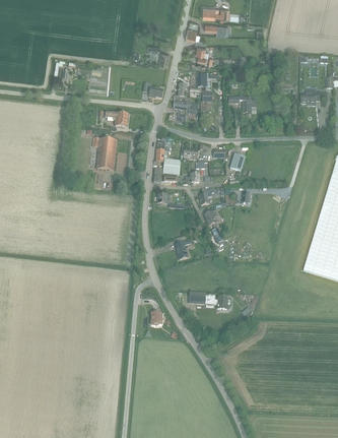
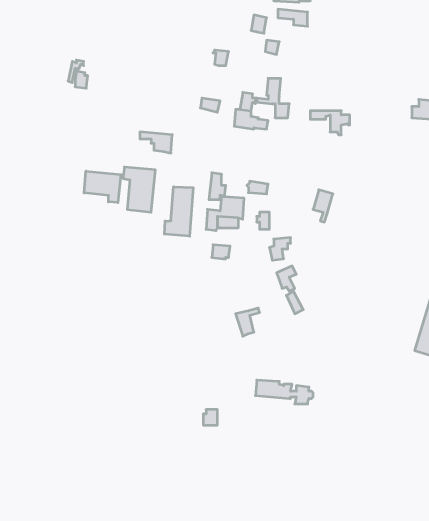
building: none -> [84,171,121,203]
building: none -> [164,187,193,236]

